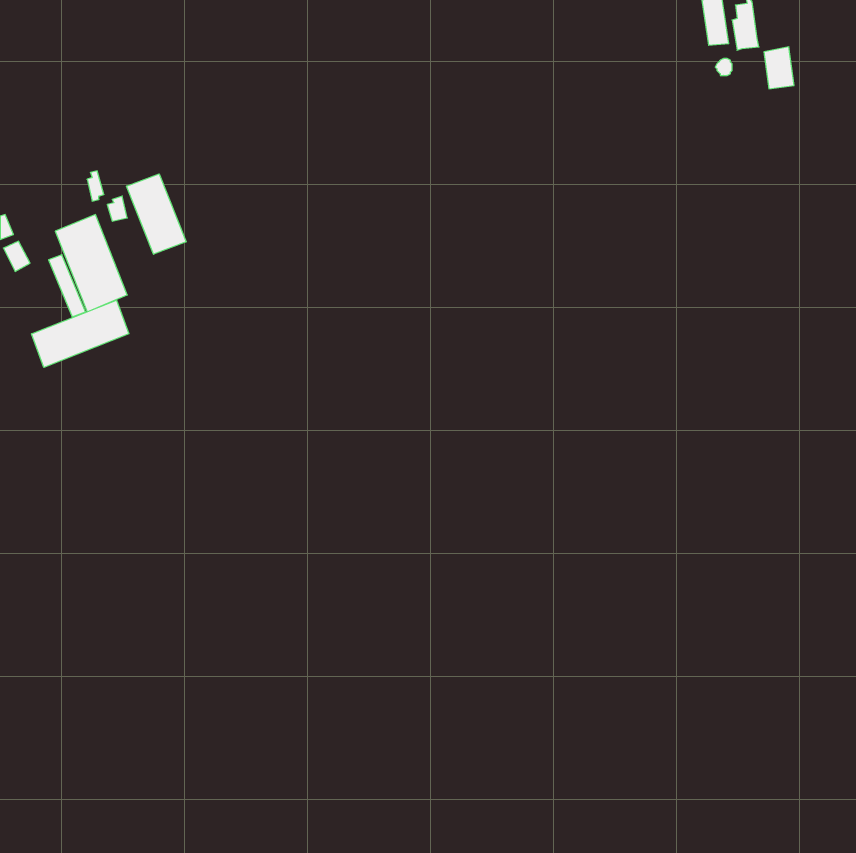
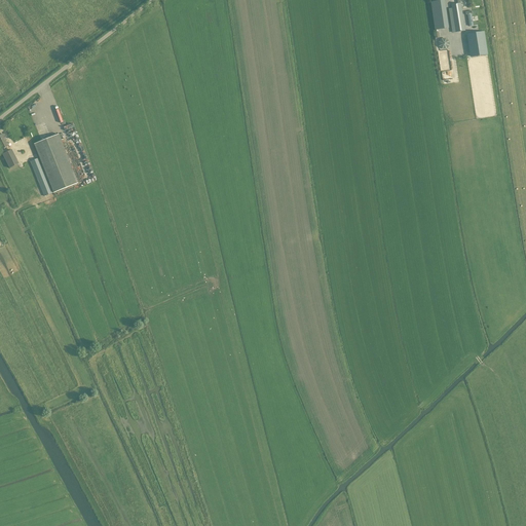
building: [127,174,186,254] -> none
building: [32,300,129,367] -> none

